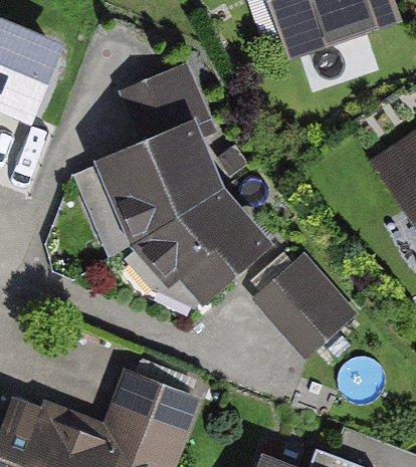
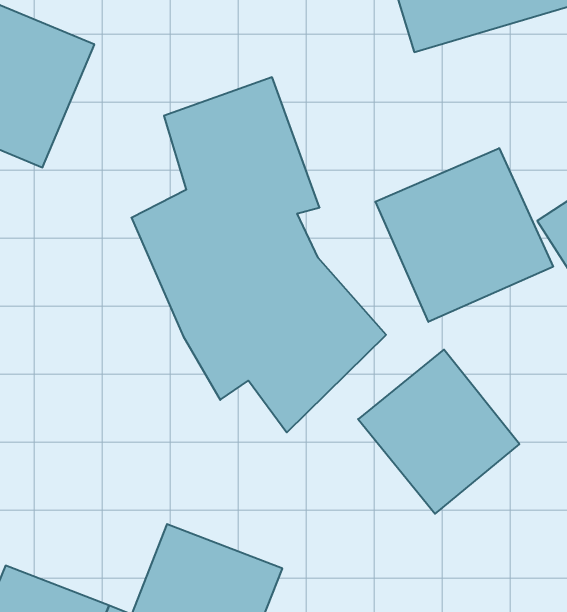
building: none -> [375,148,553,322]

